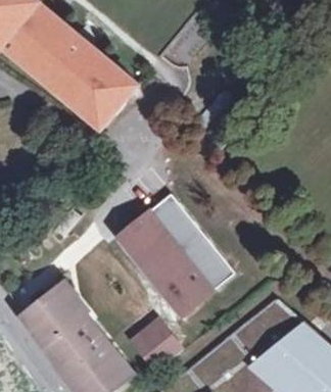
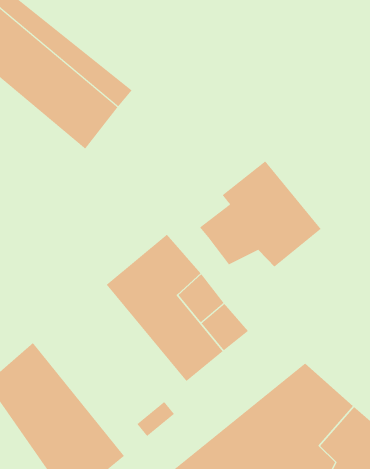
building: none -> [199,161,321,268]

